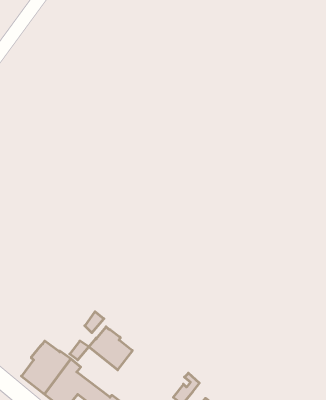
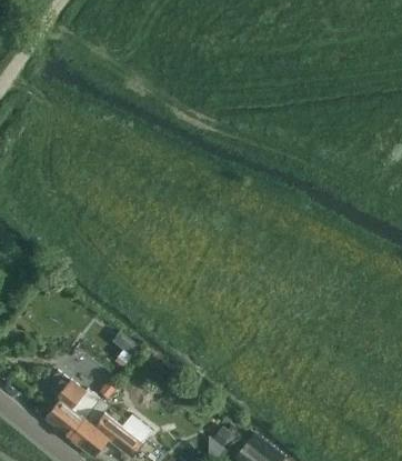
building: [89,327,132,370] -> none

